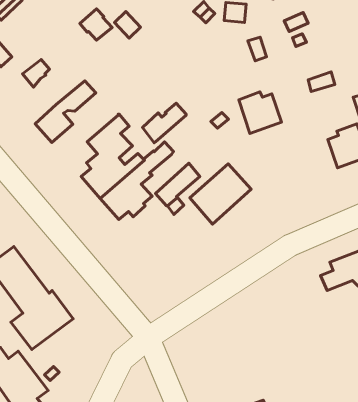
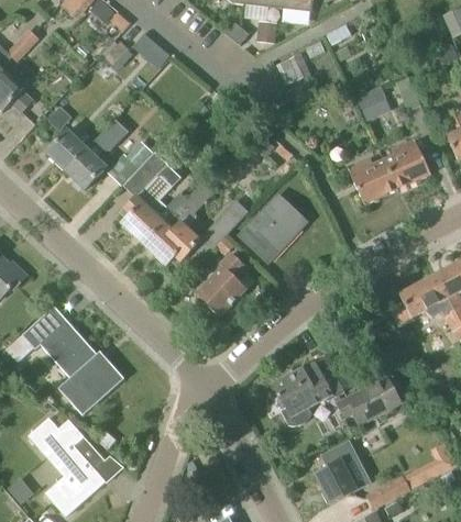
building: none -> [45,130,86,170]
building: [239,92,281,133] -> [349,157,397,203]
building: [142,103,186,143] -> [108,141,154,186]
building: none -> [196,253,249,315]
building: none -> [272,360,345,425]
building: none -> [336,373,398,423]

